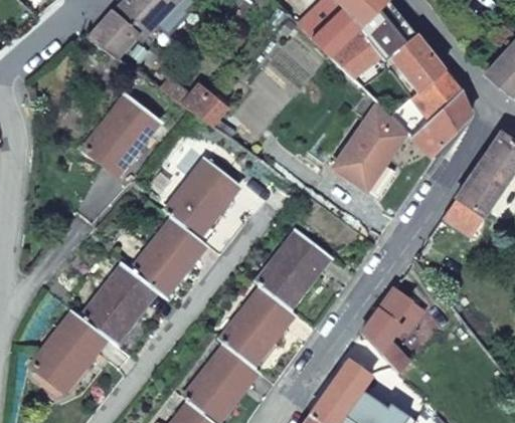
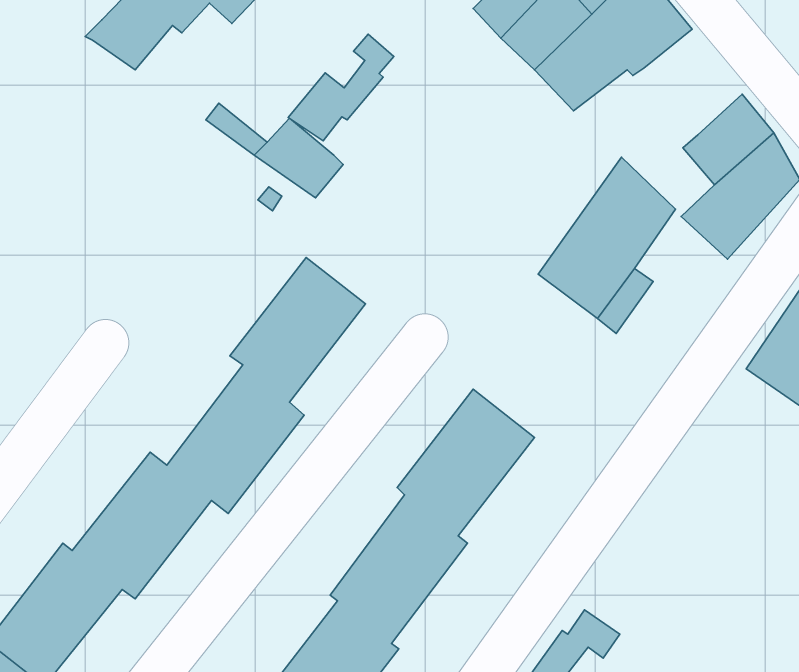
building: [389,34,443,91] -> none
building: none -> [288,34,394,141]
building: [83,94,159,177] -> none
building: [365,285,427,371] -> none

